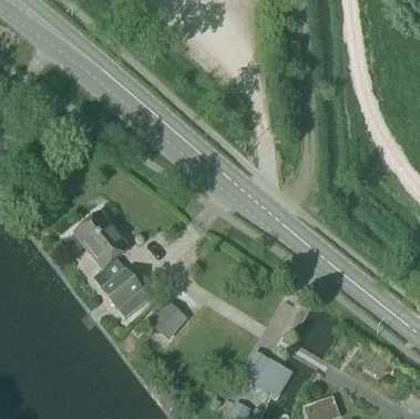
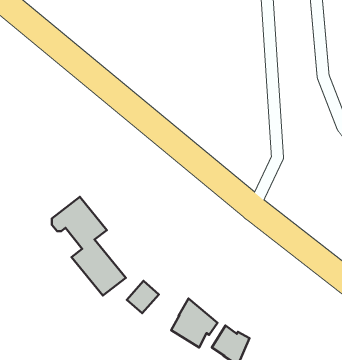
building: none -> [171,299,218,348]

